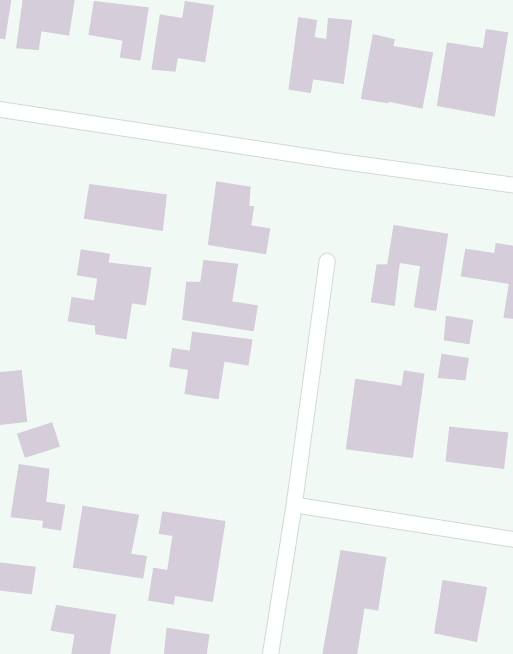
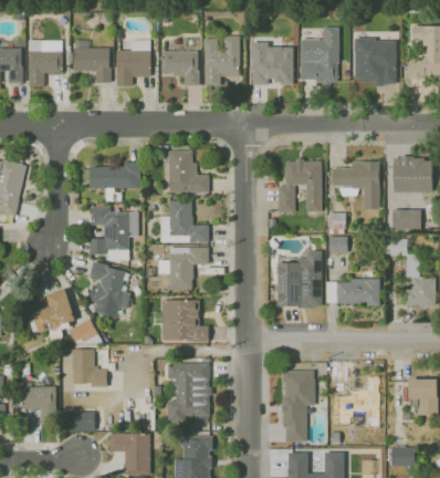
building: none -> [161,51,198,86]
building: none -> [90,263,129,315]
building: [72,505,148,580] -> [161,300,208,341]

